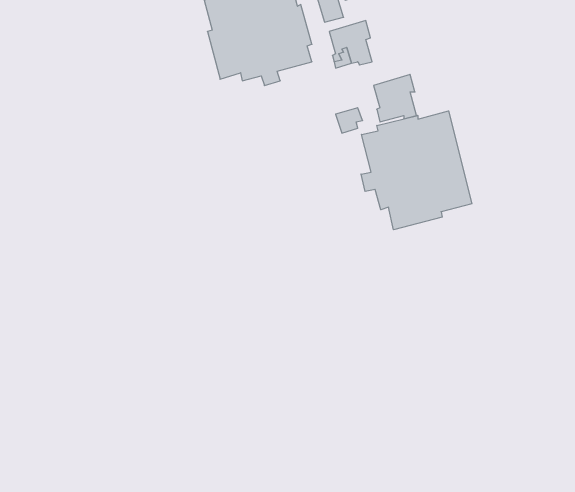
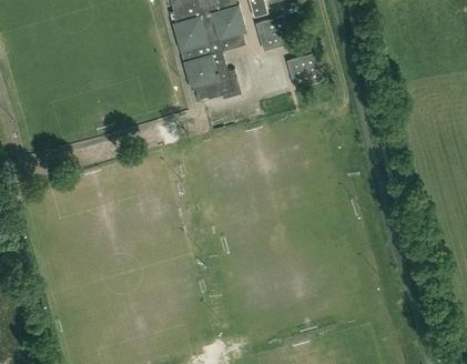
building: none -> [181,52,241,100]
building: [361,111,472,230] -> none

